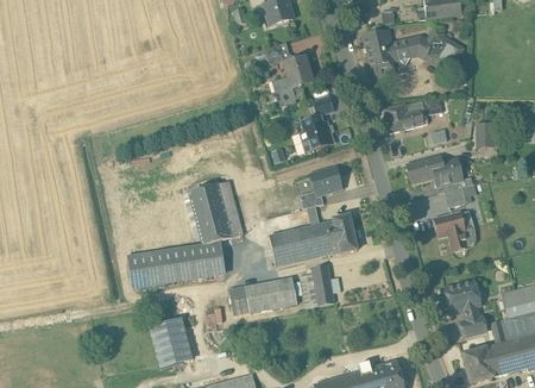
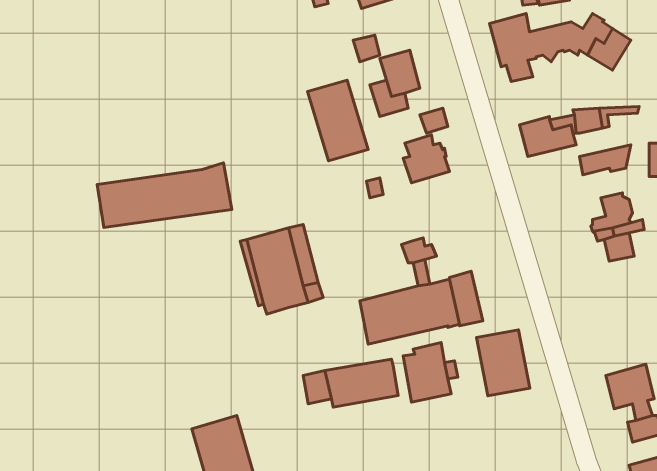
building: none -> [308,80,368,161]
building: [407,154,446,183] -> none
building: [310,167,342,195] -> none
building: [434,211,477,249] -> none
building: [128,239,225,286] -> [97,163,232,228]
building: none -> [477,330,530,396]

